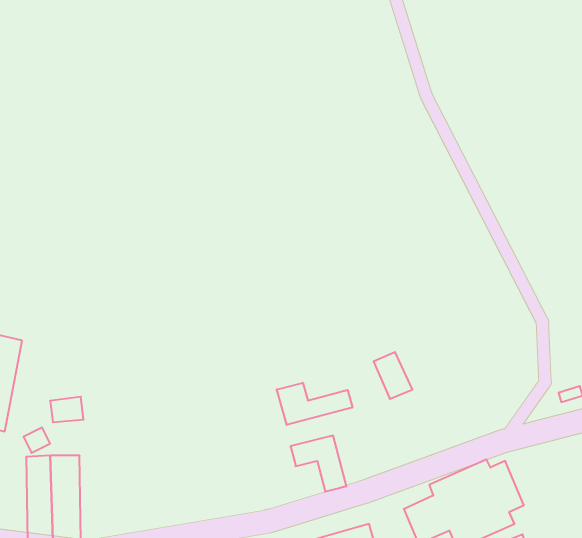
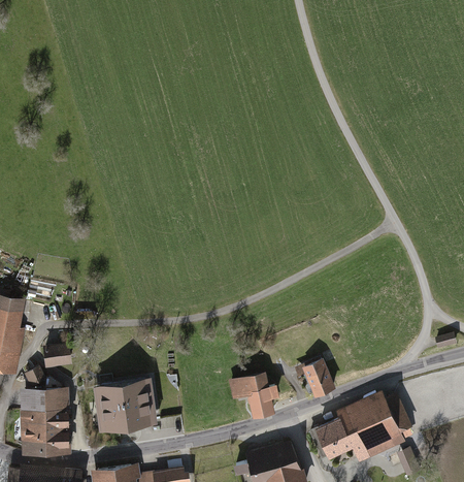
building: [374,352,412,399] -> [305,360,335,396]
building: [277,383,352,425] -> none
building: none -> [99,380,152,428]

